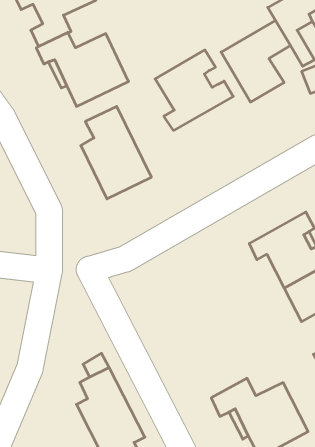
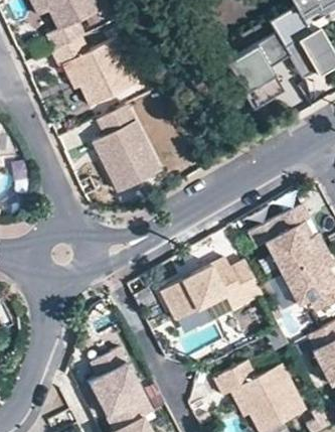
building: [155,50,233,130] -> none
building: none -> [162,260,264,322]

